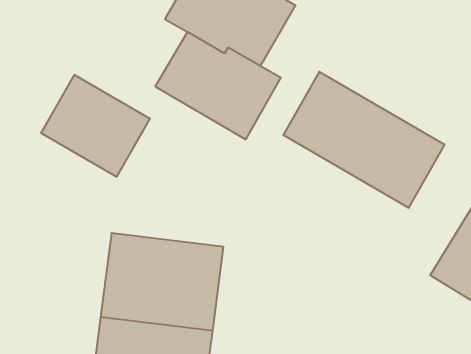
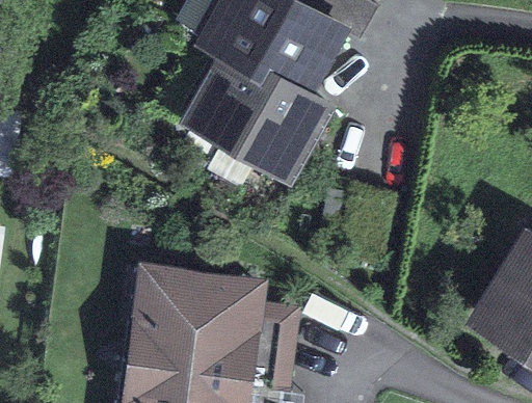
building: [283,72,444,208] -> none
building: [41,75,150,177] -> none

